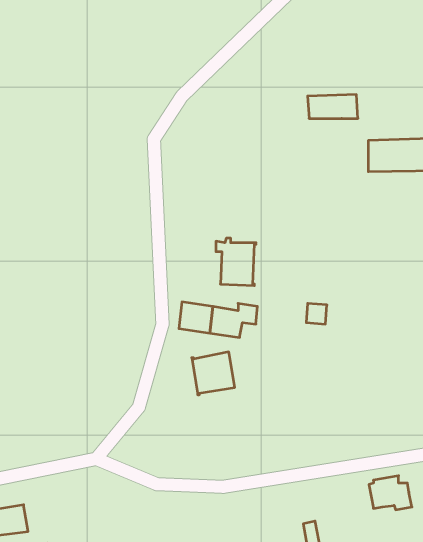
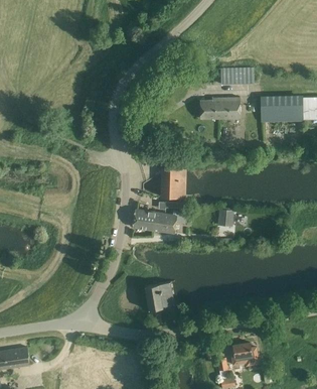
building: none -> [199,98,241,119]
building: [192,352,235,395] -> [145,281,174,310]
building: [369,476,412,510] -> [230,343,260,366]

